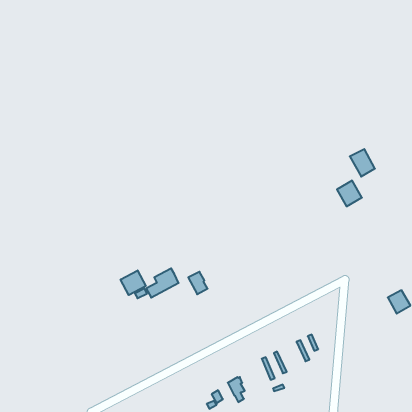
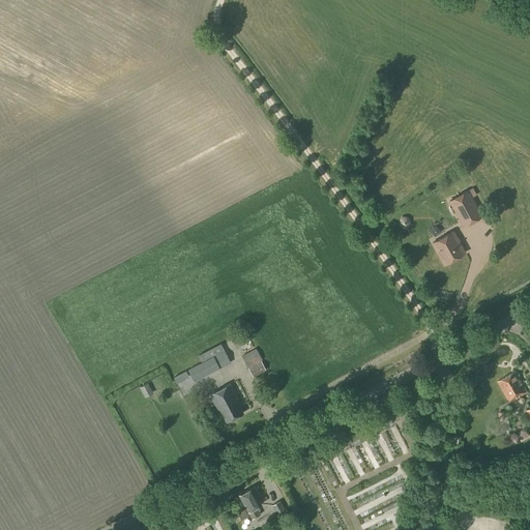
building: [121,270,146,295] -> none
building: none -> [210,384,243,422]
building: [228,377,245,402] -> [240,488,262,520]

